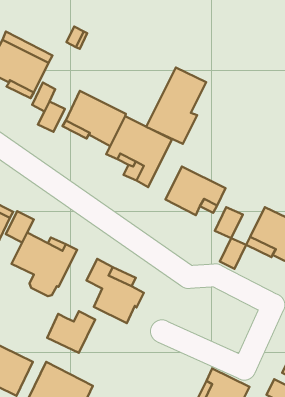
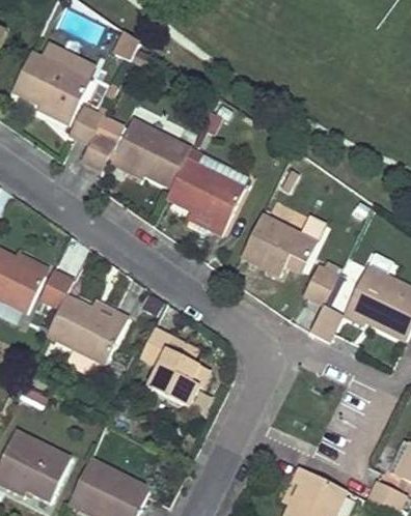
building: [146,67,206,144] -> none
building: [47,311,95,353] -> none

